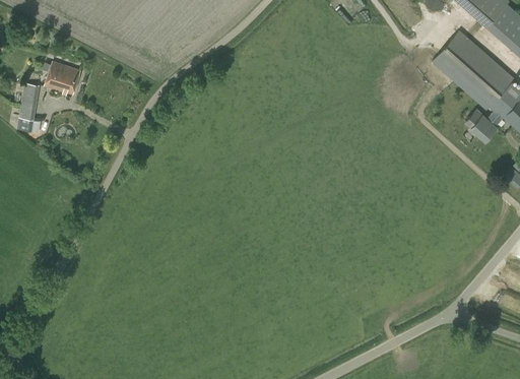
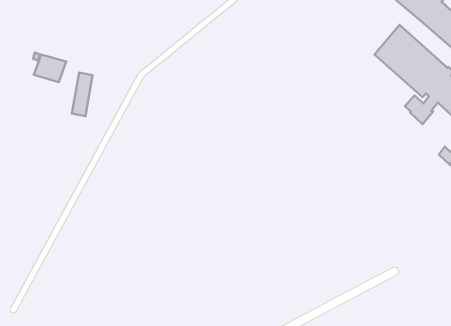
building: [17,83,41,133] -> [72,72,93,116]

